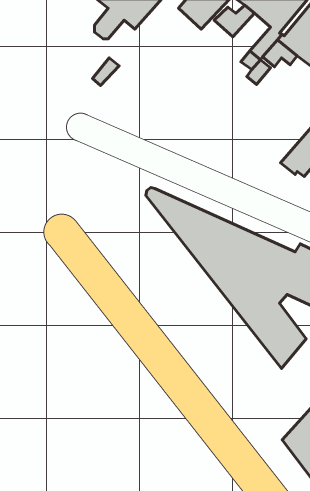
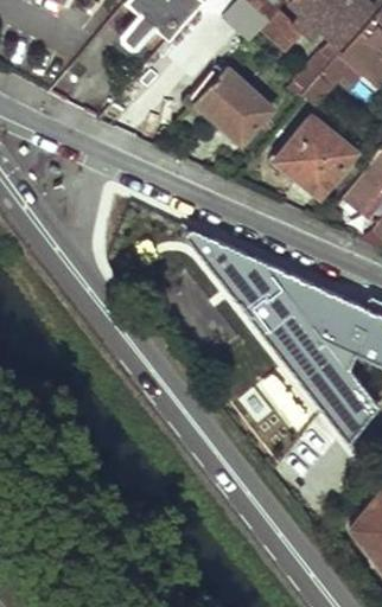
building: none -> [190,63,274,147]
building: none -> [279,113,358,193]

